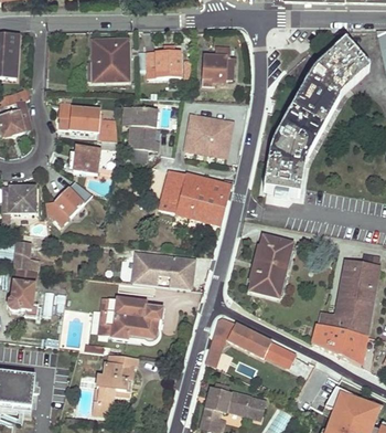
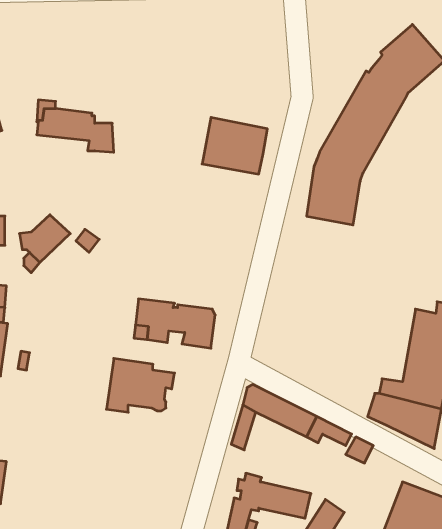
building: [88,39,129,81] -> none
building: [202,47,229,85] -> none
building: [147,50,181,77] -> none
building: [129,106,161,150] -> none
building: [68,145,101,175] -> none
building: [159,170,233,225] -> none
building: [250,236,292,297] -> none
building: [94,355,138,415] -> none

